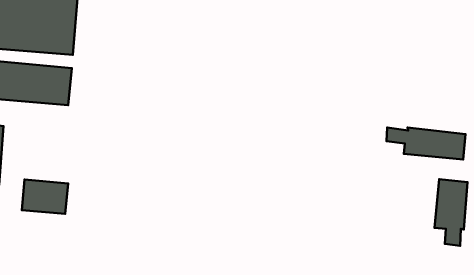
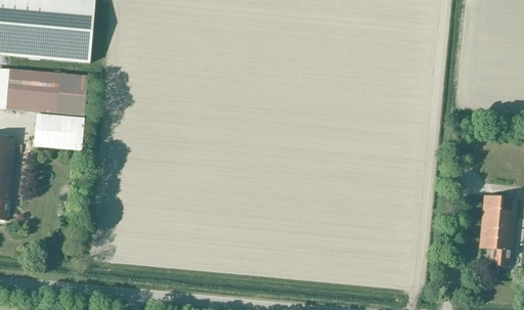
building: [386,128,466,160] -> none
building: [22,180,68,214] -> [34,114,84,150]

